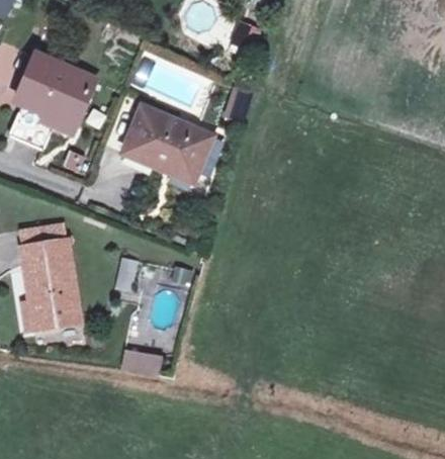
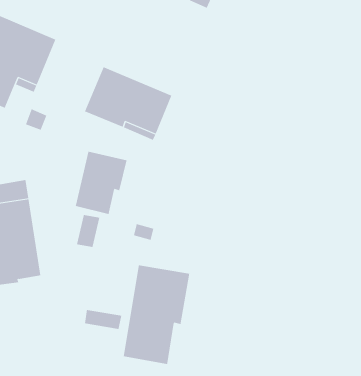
building: none -> [75,151,127,215]
building: none -> [123,265,190,365]

